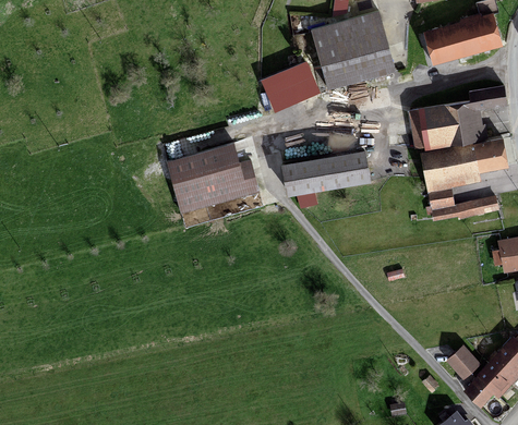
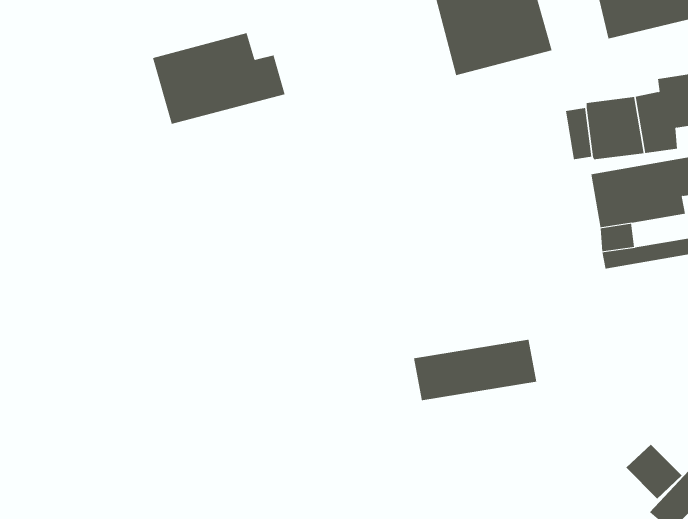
building: [272,72,317,106] -> none
building: [169,147,261,210] -> [152,32,285,124]
building: [285,153,370,195] -> [413,339,537,401]

